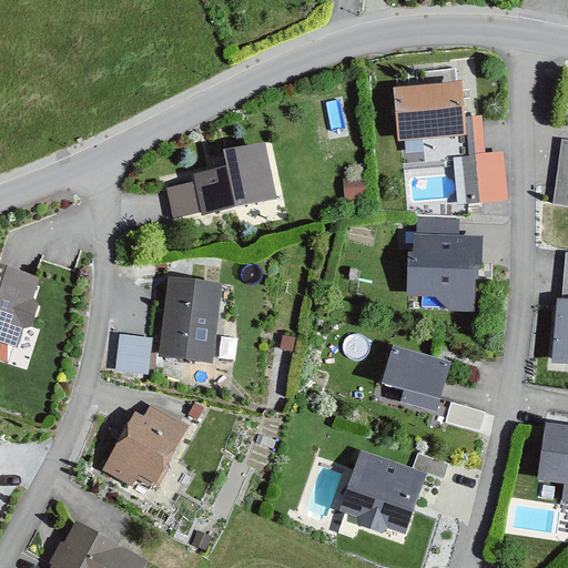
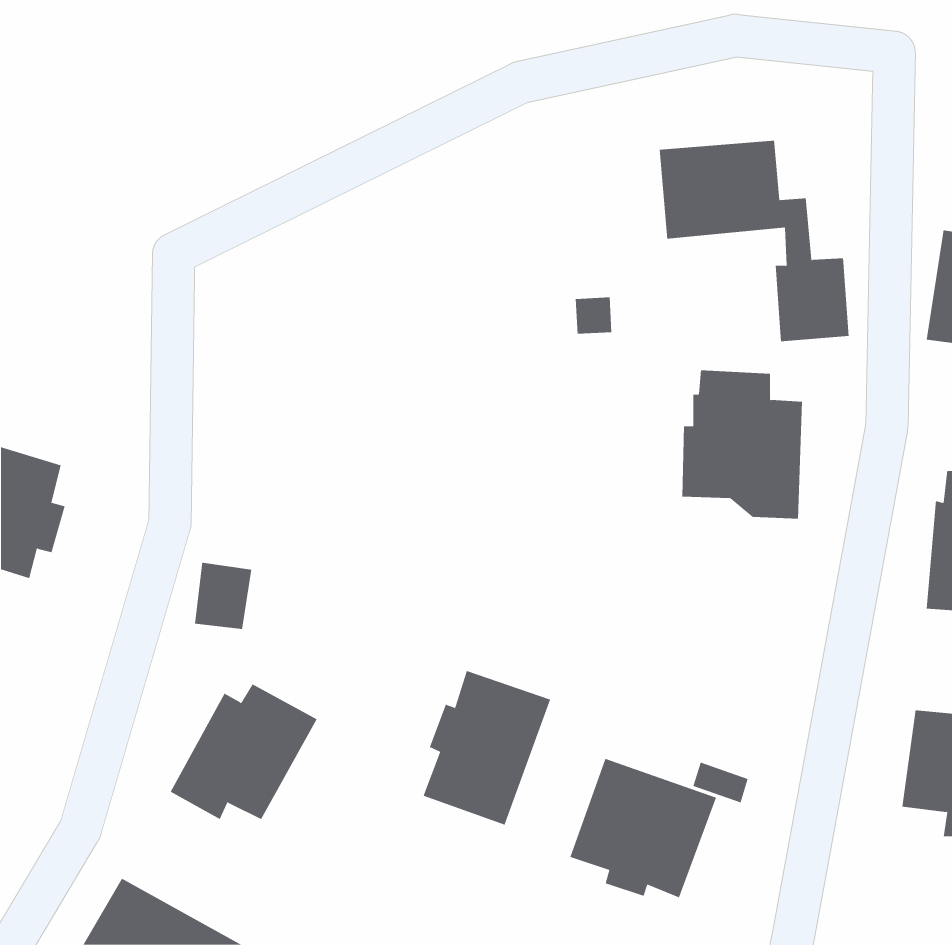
building: [168,142,277,216] -> none
building: [158,278,221,363] -> none
building: [383,345,450,410] -> none
building: none -> [423,670,551,825]

